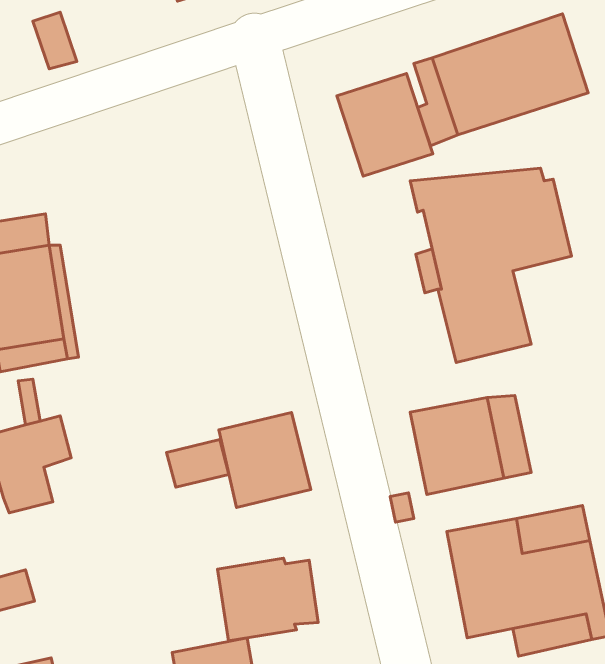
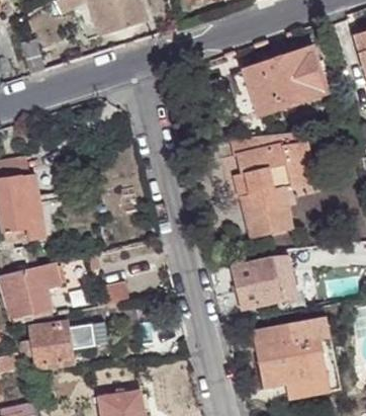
building: [337,73,433,176] -> none
building: none -> [27,263,62,315]
building: [219,413,311,508] -> none
building: [218,558,318,641] -> [28,323,84,368]

